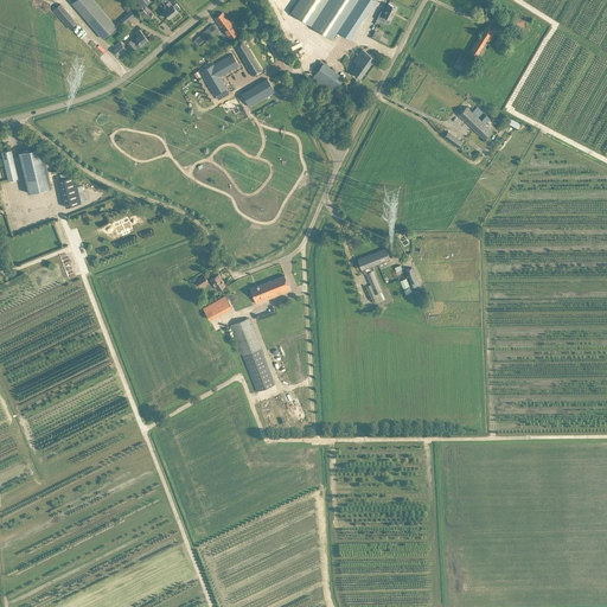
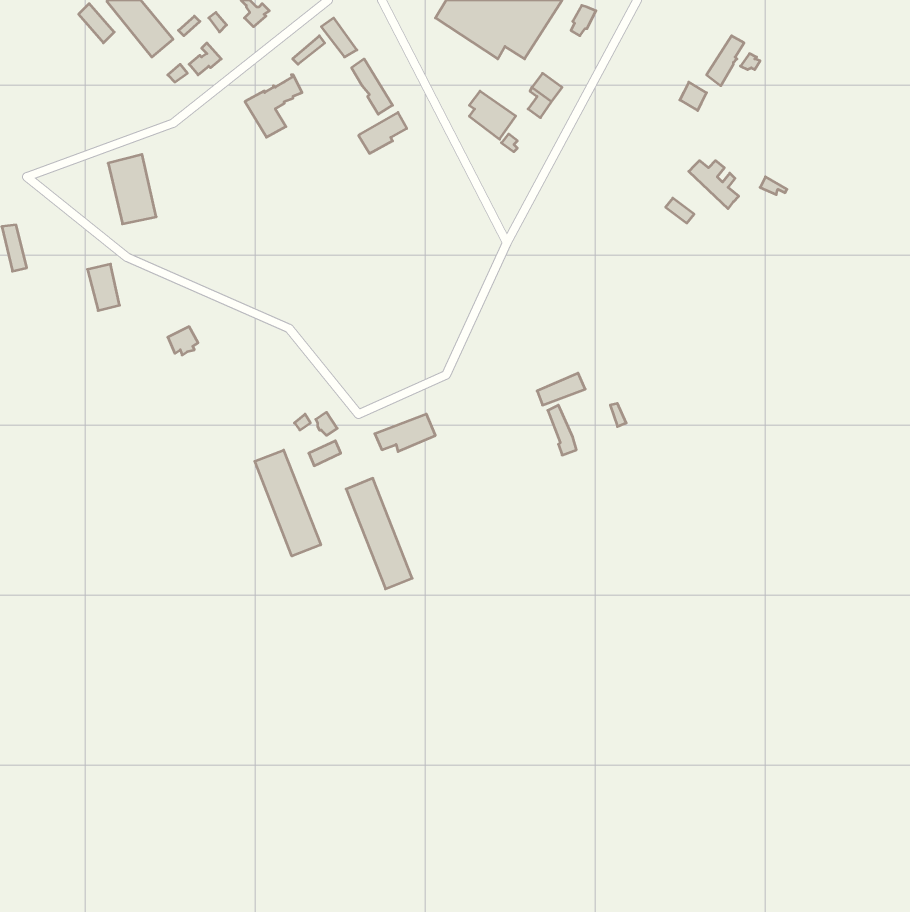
building: [199,53,237,95] -> [245,75,302,137]
building: [18,146,50,192] -> [108,154,156,224]
building: none -> [255,450,321,556]

